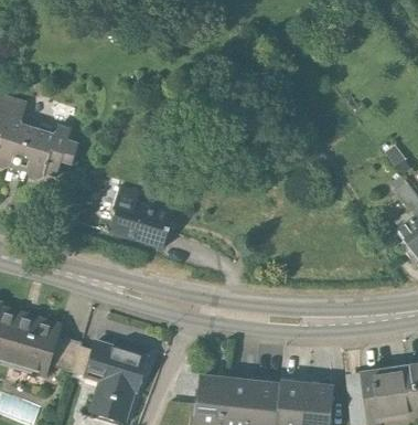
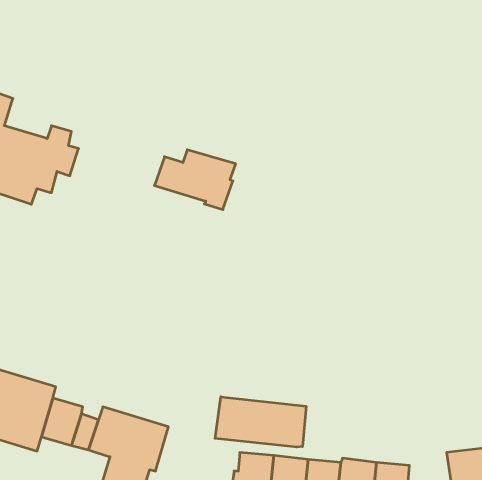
building: [110,200,173,246] -> [154,150,236,210]
building: none -> [215,397,306,447]

